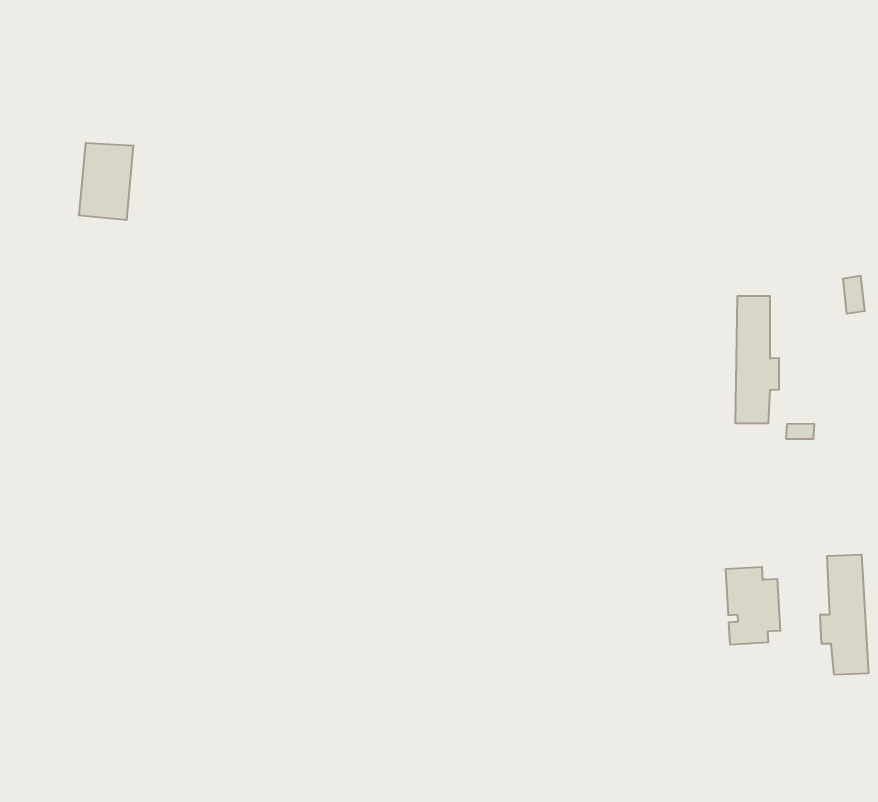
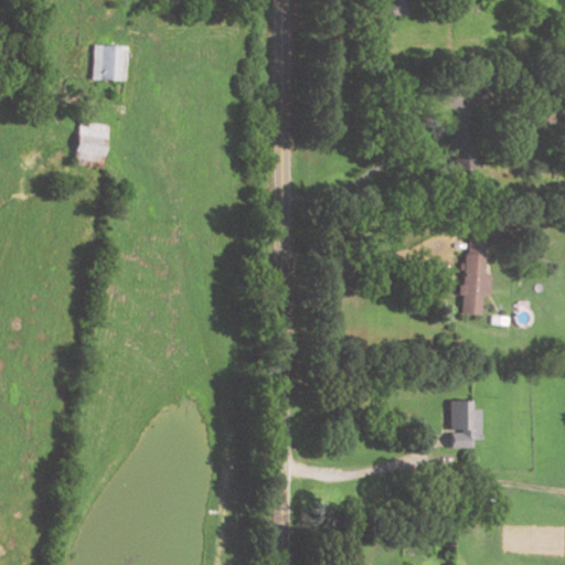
building: none -> [95,44,128,81]
building: [820,554,868,675] -> none

